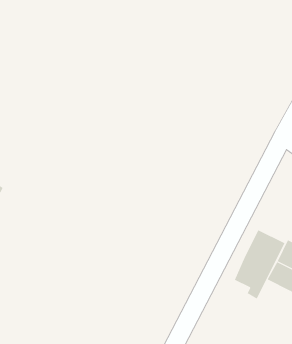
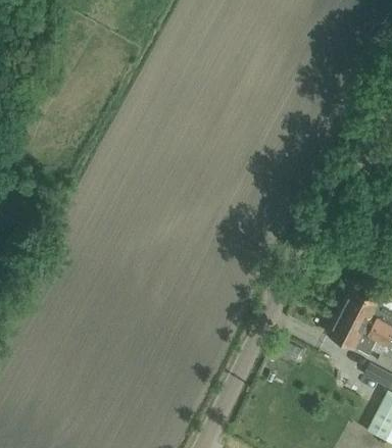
building: [234,229,285,299] -> none

